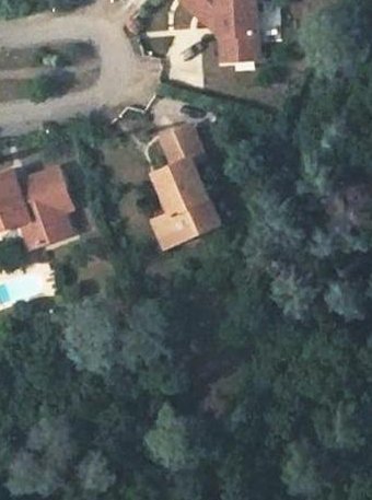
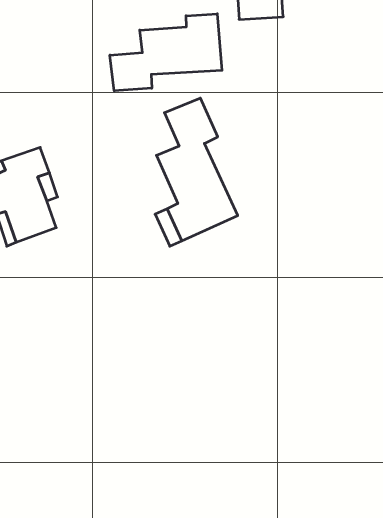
building: none -> [110,14,222,91]

